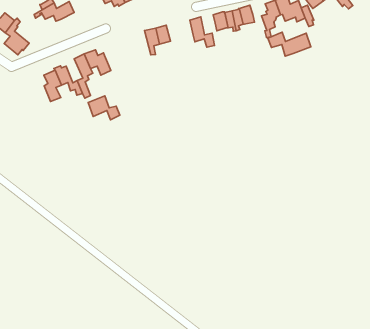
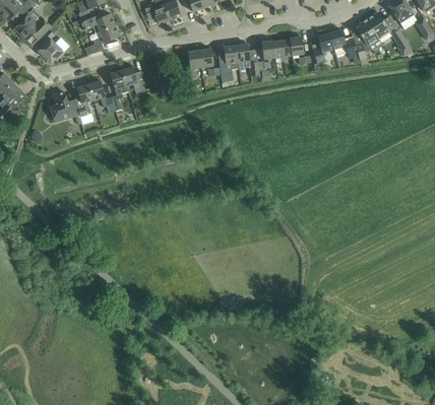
building: none -> [84,24,120,54]
building: none -> [220,45,239,81]
building: [268,32,311,56] -> none
building: none -> [50,91,81,124]
building: [88,96,120,120] -> none

